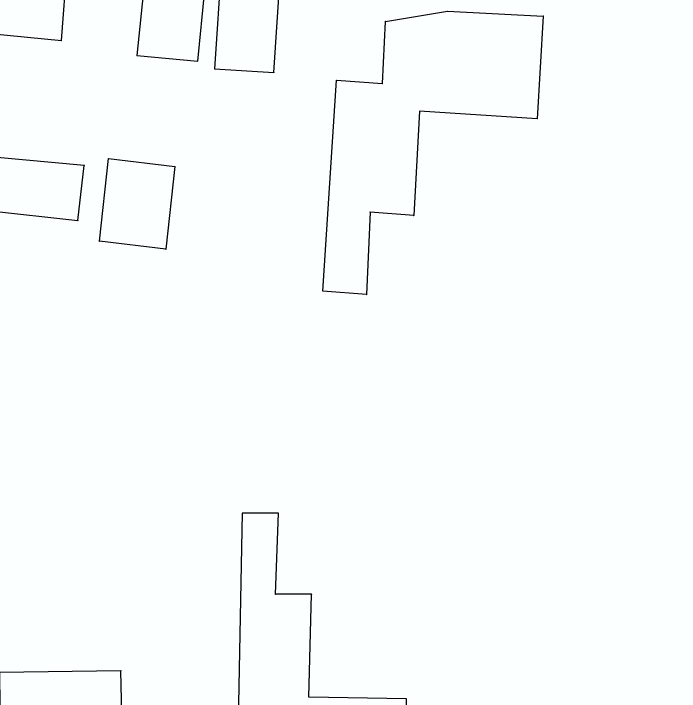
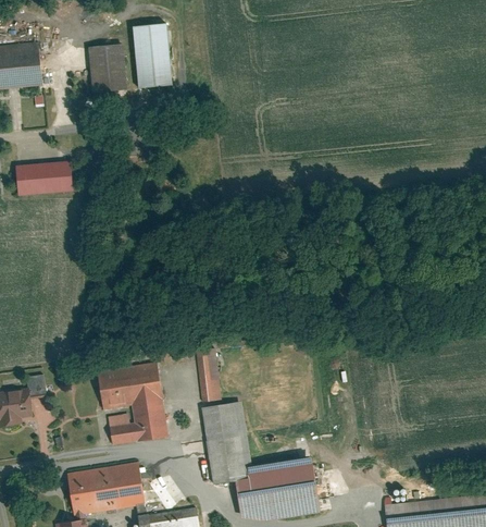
building: [323,11,543,295] -> none
building: [99,159,175,249] -> none
building: none -> [96,364,167,445]

